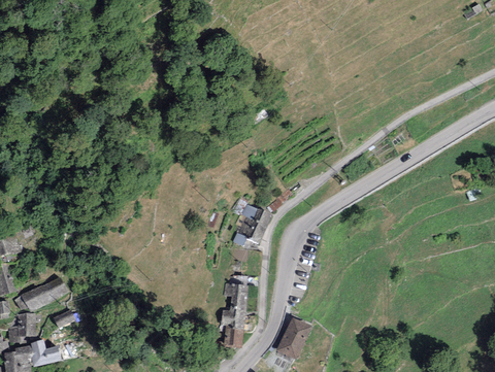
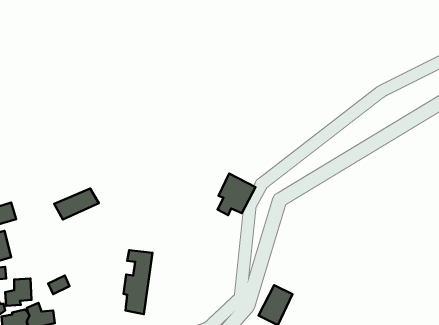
building: [21,277,68,310] -> [54,188,99,220]
building: [219,284,250,352] -> [123,250,153,314]

